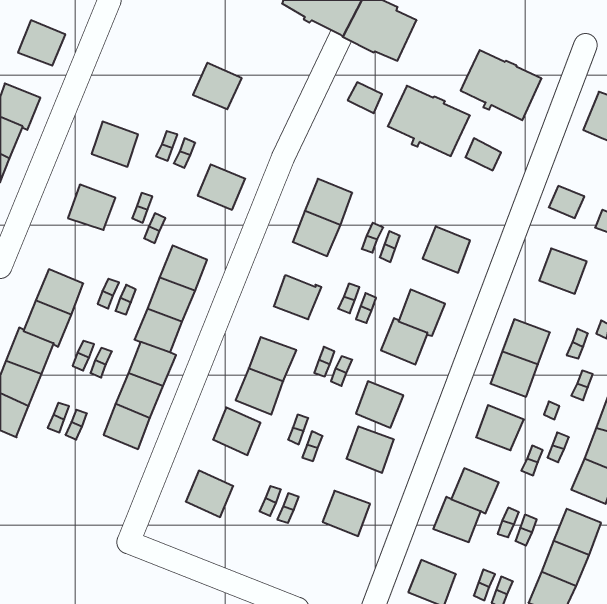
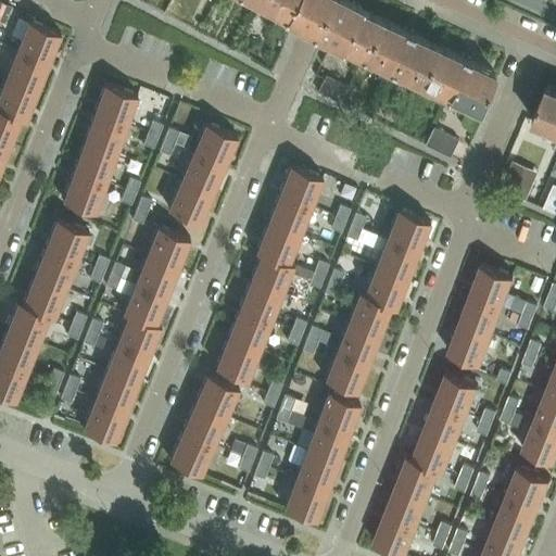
building: none -> [5,52,49,93]
building: [193,63,242,109] -> [193,125,238,167]
building: [388,86,470,156] -> [364,23,439,87]
building: none -> [94,86,138,127]
building: none -> [74,144,117,185]
building: none -> [168,182,213,225]
building: none -> [46,220,89,263]
building: none -> [256,225,300,266]
building: [539,248,587,294] -> [470,266,514,307]
building: none -> [376,240,419,281]
building: none -> [239,283,282,324]
building: none -> [337,324,380,365]
building: none -> [84,401,127,443]
building: none -> [425,403,467,444]
building: none -> [182,405,227,447]
building: none -> [306,422,350,464]
building: none -> [285,480,328,522]
building: none -> [386,486,429,528]

